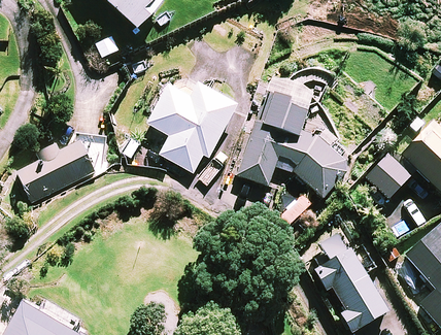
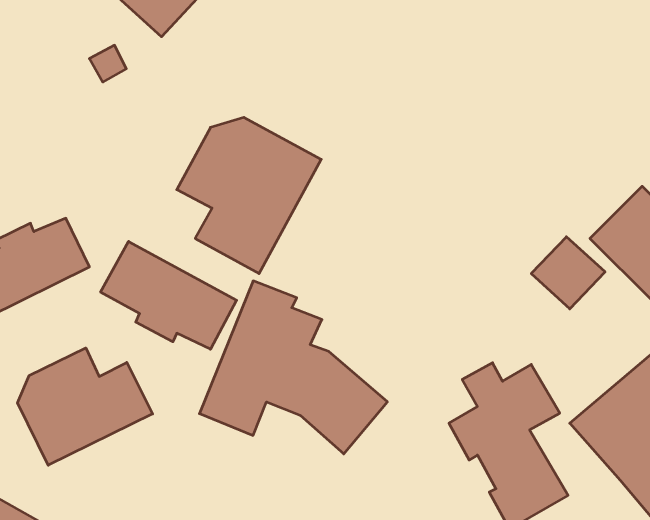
building: [235,91,350,197] -> [199,281,387,454]
building: none -> [101,241,237,349]
building: none -> [18,348,153,465]

